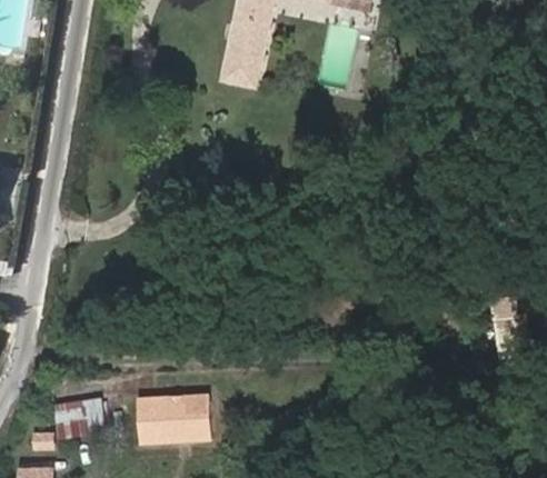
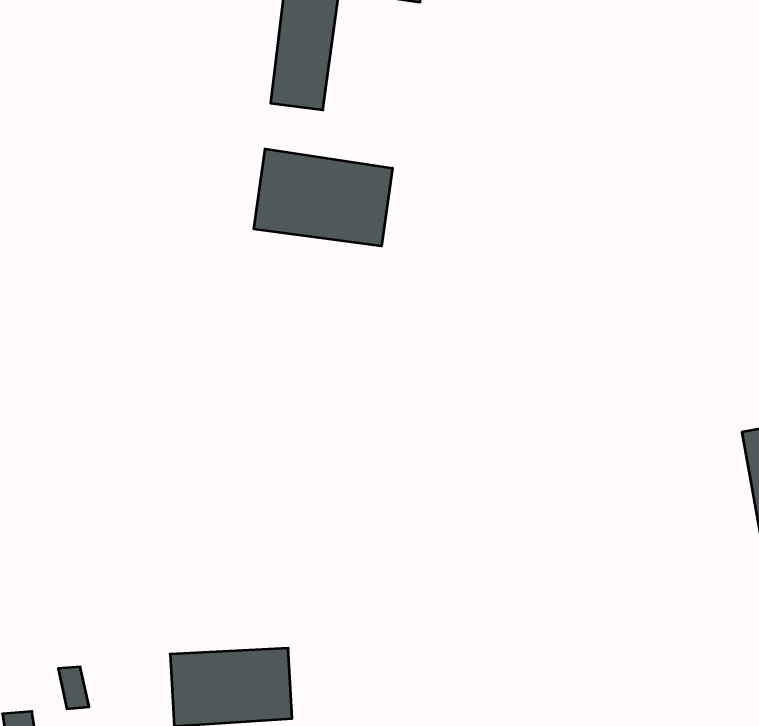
building: none -> [254,149,392,246]

